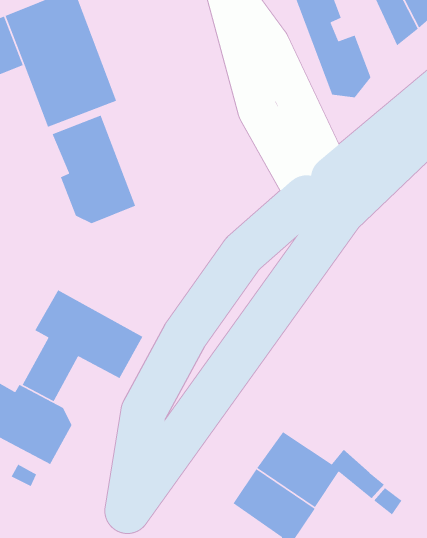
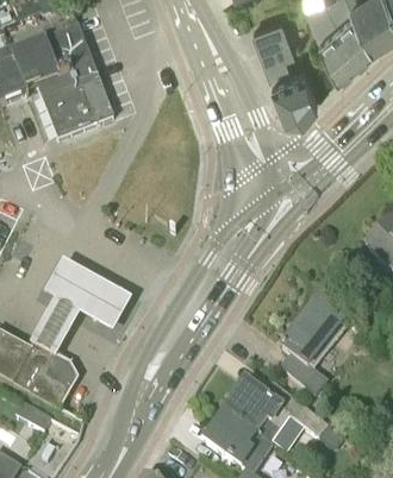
building: [52,115,136,224] -> none
building: none -> [282,297,348,394]

